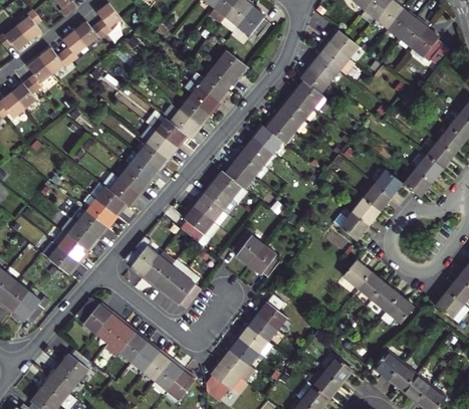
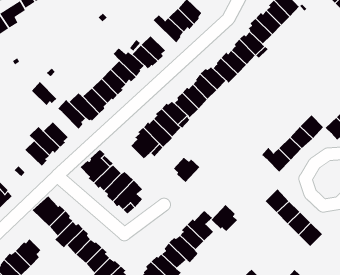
building: [185,80,220,115] -> none
building: [86,199,118,227] -> [31,81,57,106]
building: [248,245,279,277] -> [211,204,238,232]
building: [48,247,79,274] -> none

